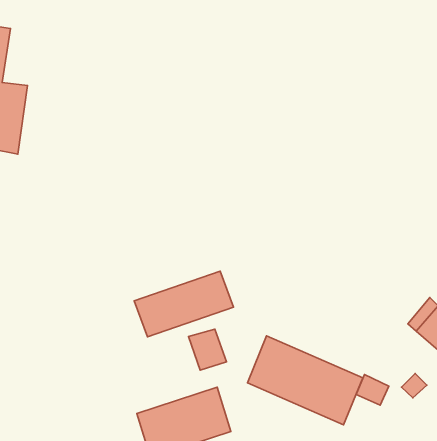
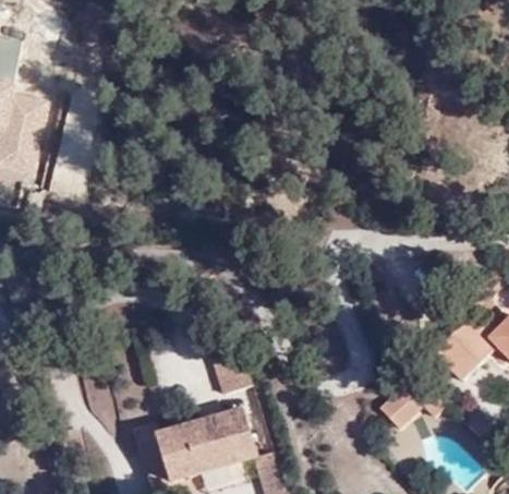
building: [134,271,234,337] -> none
building: [247,336,363,425] -> none

